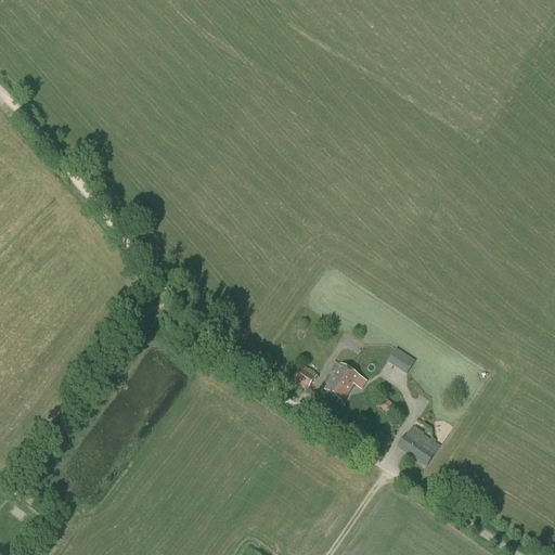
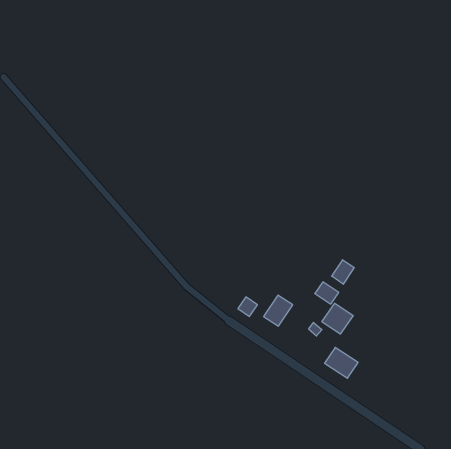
building: none -> [332,260,354,284]
building: none -> [322,303,353,334]

